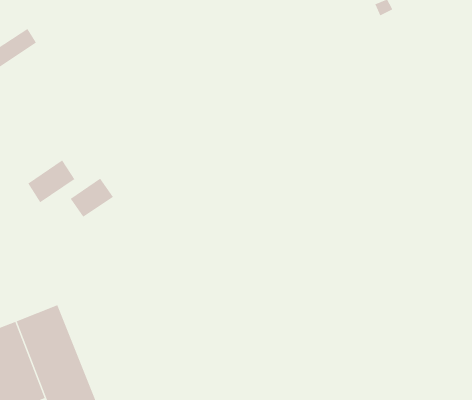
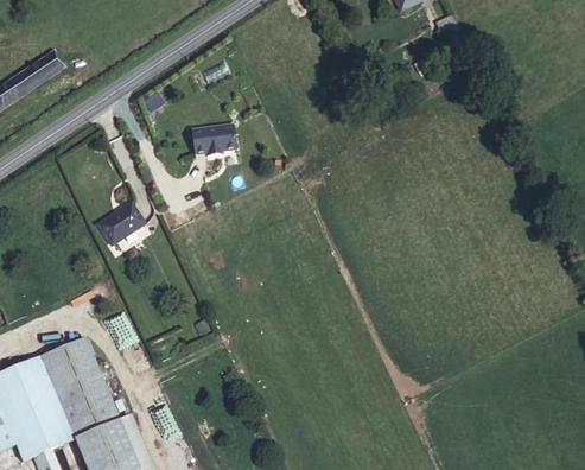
building: none -> [196,125,240,157]
building: [27,160,75,203] -> none

